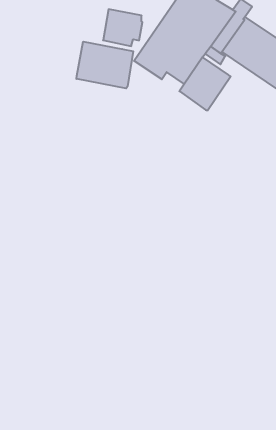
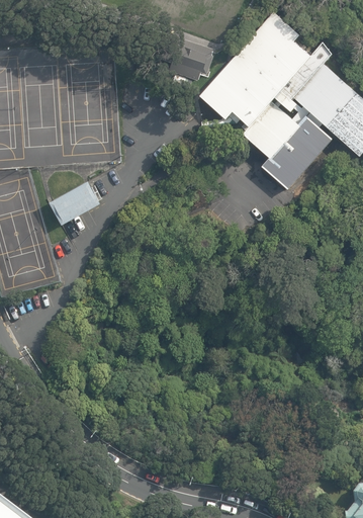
building: [76,42,133,88] -> none
building: none -> [262,115,333,190]
building: none -> [49,181,101,226]

